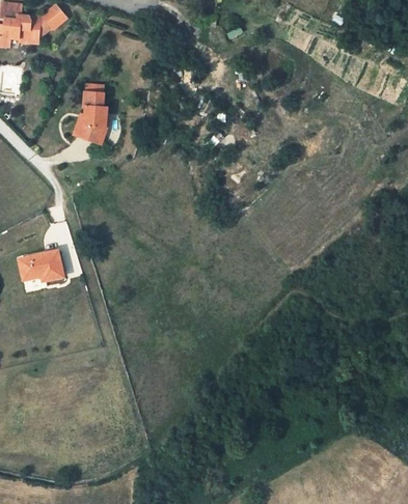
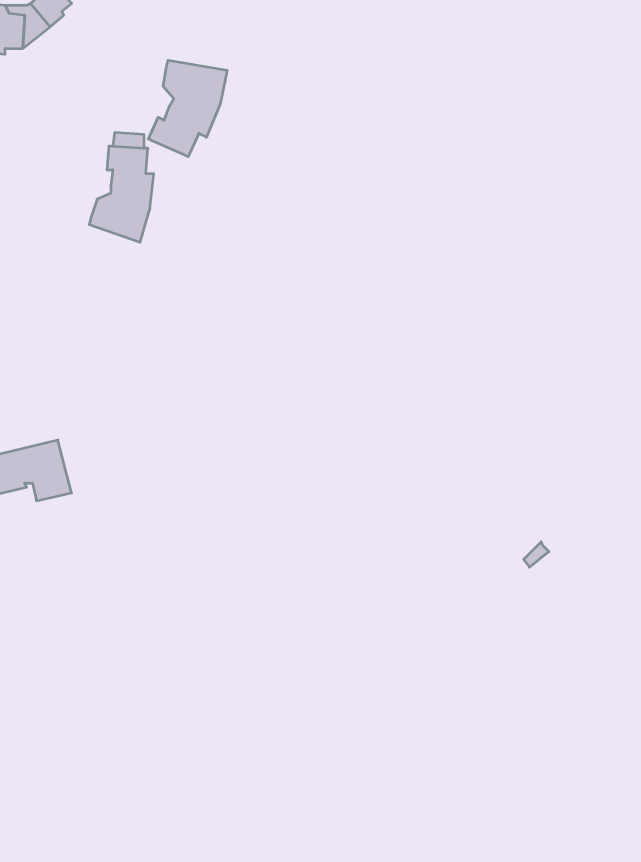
building: none -> [148,60,227,157]

